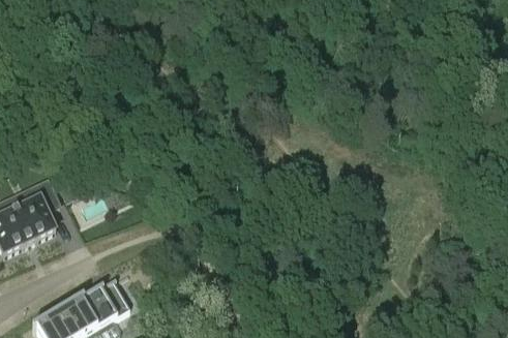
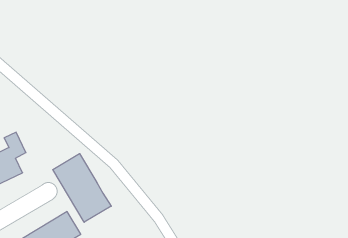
building: none -> [53,154,111,222]

